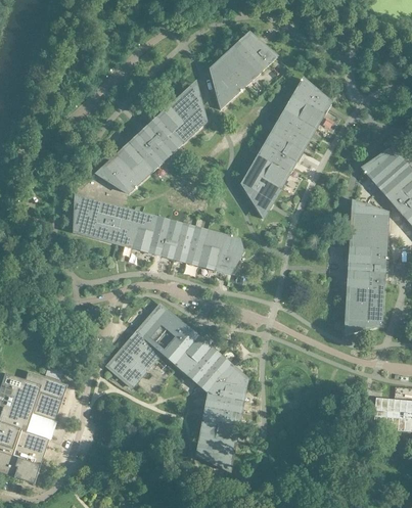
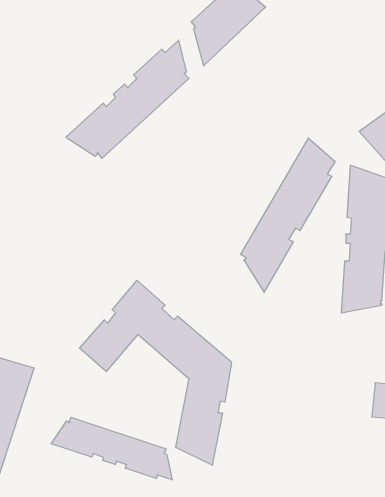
building: [240,78,326,218] -> [240,138,335,293]
building: [73,194,246,269] -> none
building: none -> [51,417,172,480]

